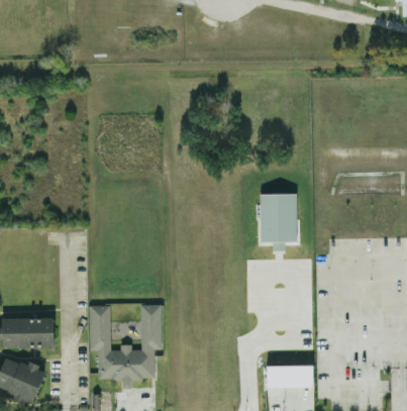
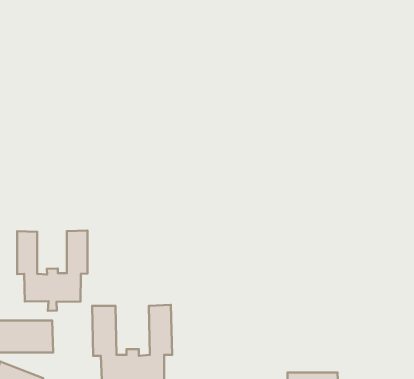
building: [260,194,297,250] -> none
building: none -> [17,231,88,311]

